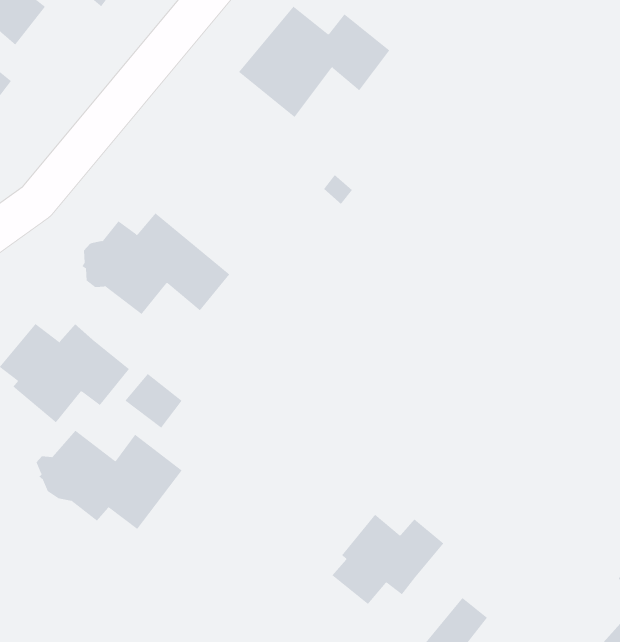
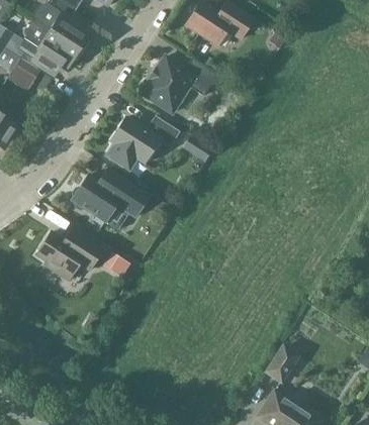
building: none -> [105,116,179,169]
building: [36,430,183,530] -> none
building: [332,514,444,605] -> none

